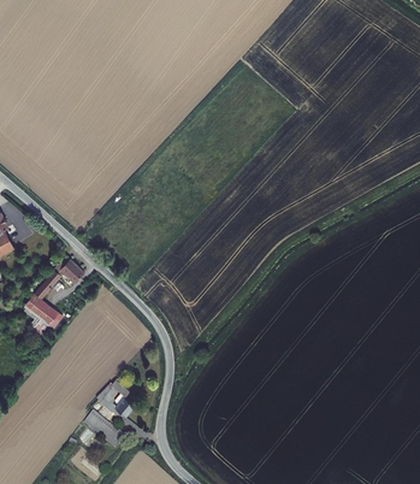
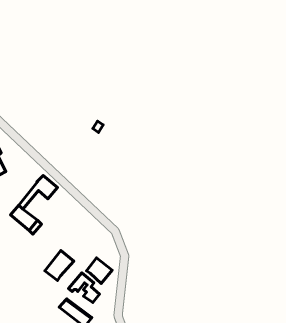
building: none -> [45,250,74,280]
building: none -> [87,258,112,284]

